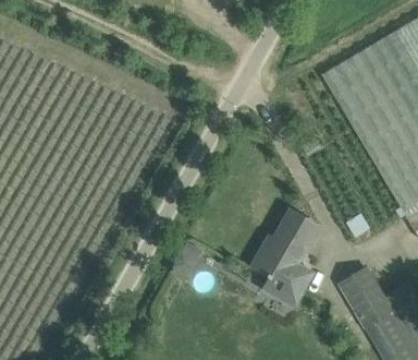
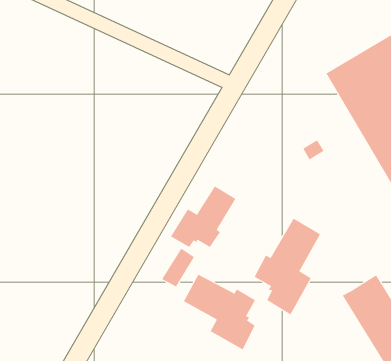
building: none -> [170,186,236,248]
building: none -> [183,274,256,350]

